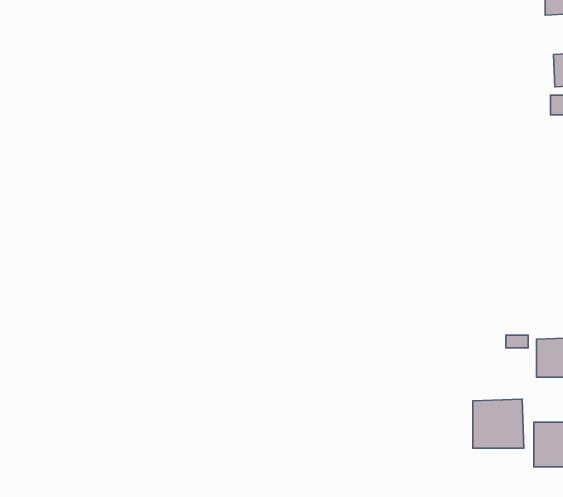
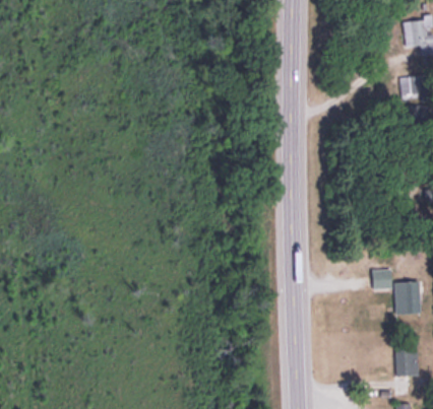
building: [473,399,524,448] -> none

